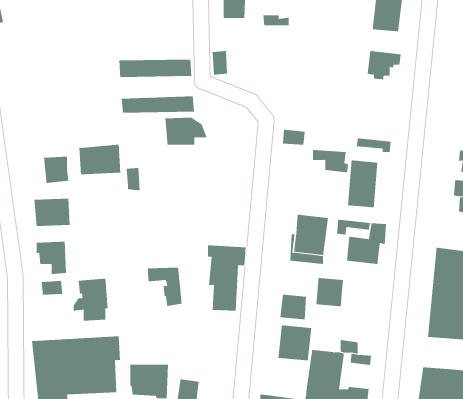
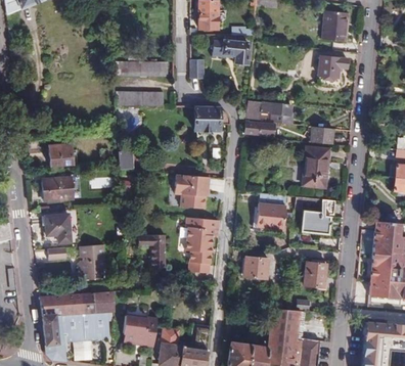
building: none -> [223,38,250,63]
building: [164,117,207,145] -> [194,106,230,130]
building: [79,144,121,175] -> none
building: [312,149,349,173] -> [263,104,294,124]
building: none -> [175,175,209,209]
building: [315,277,344,307] -> [304,262,327,286]
building: [278,324,312,361] -> none

